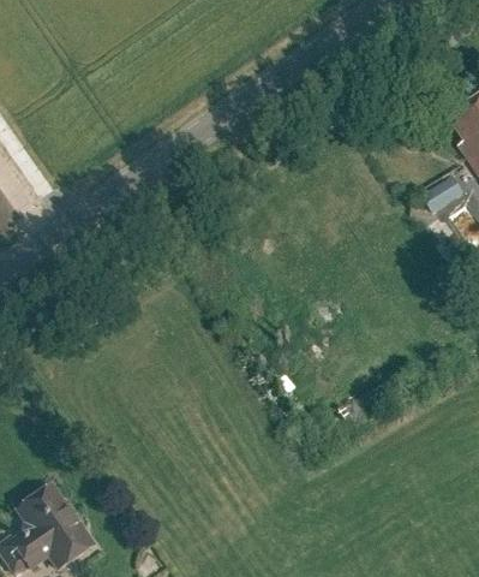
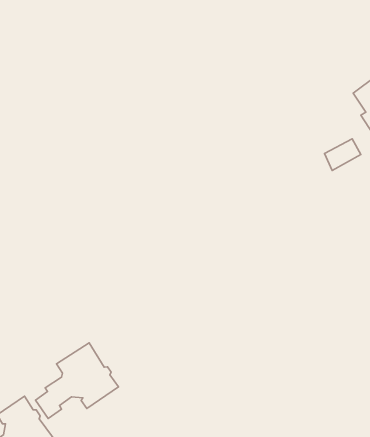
building: none -> [35,343,118,419]

